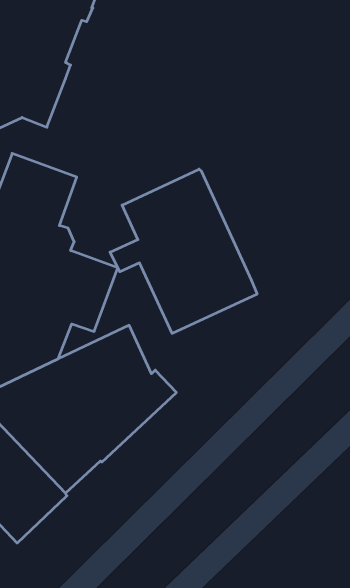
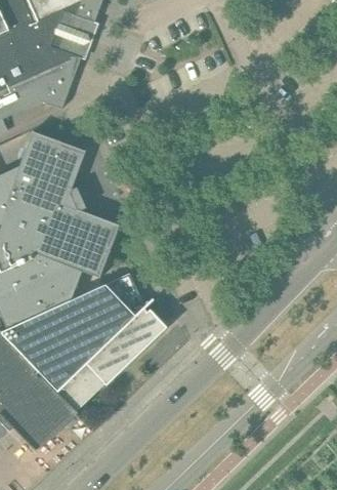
building: [110,169,257,333] -> none

